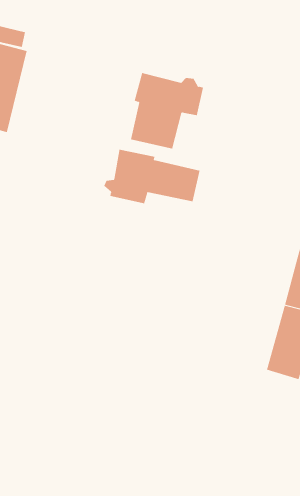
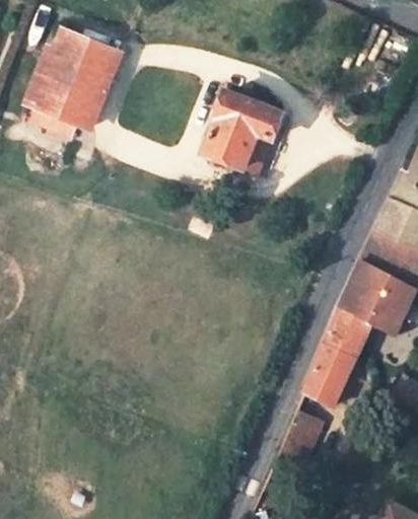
building: [104,149,200,204] -> none
building: none -> [279,411,322,459]

